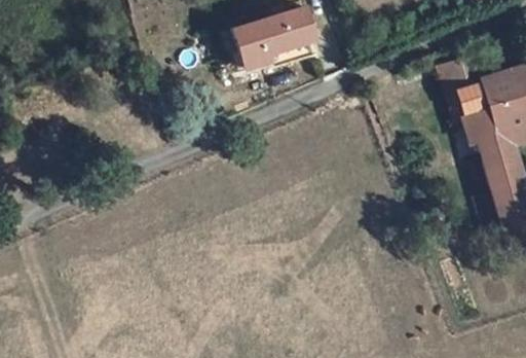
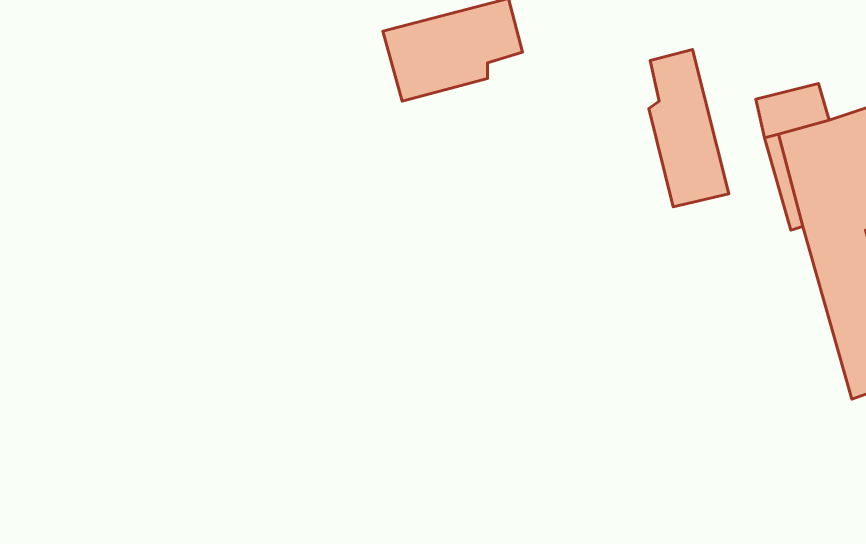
building: none -> [649,49,729,207]

